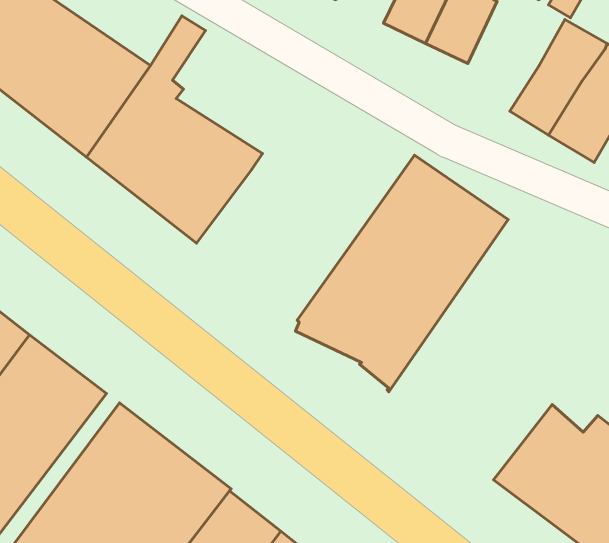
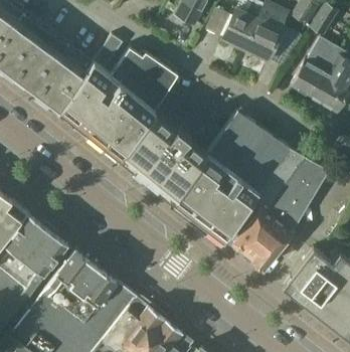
building: none -> [107,48,176,111]
building: none -> [118,115,205,202]
building: none -> [223,147,329,272]

